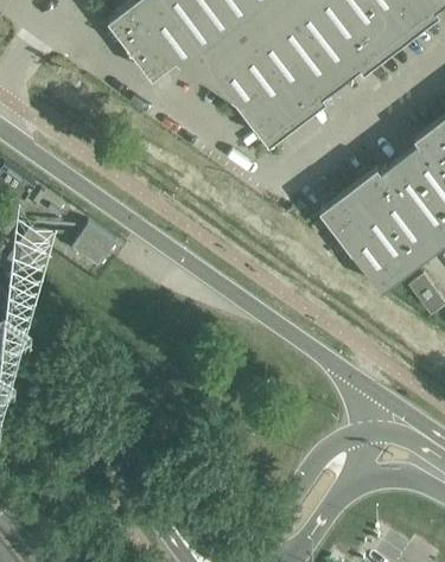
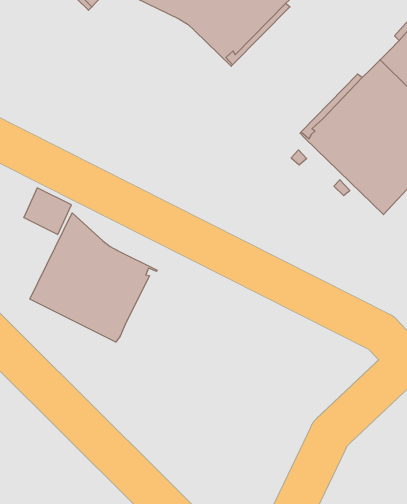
building: none -> [30,213,157,342]

